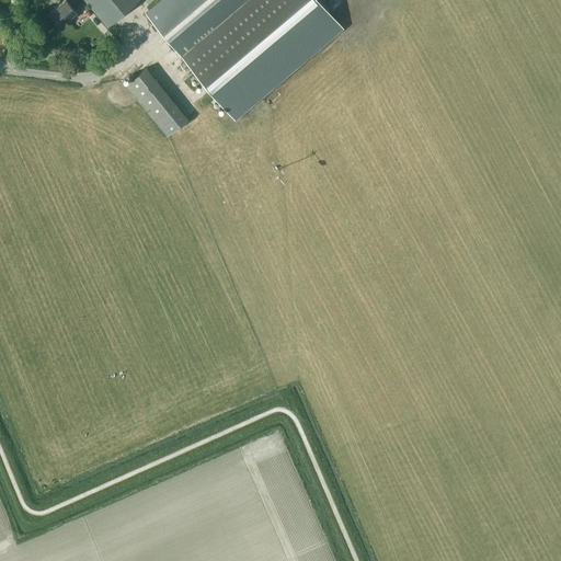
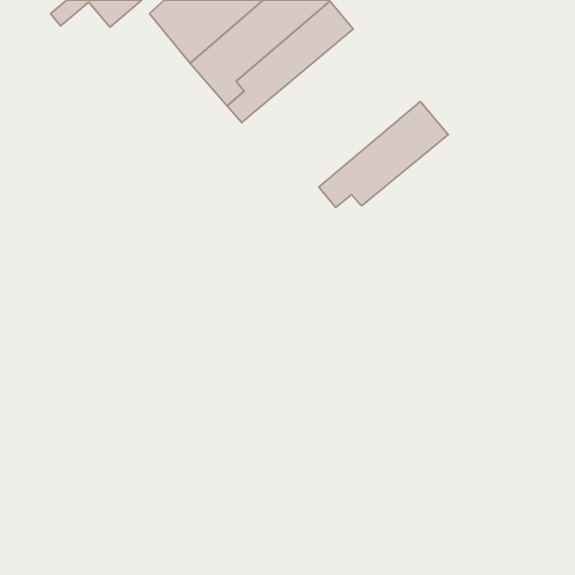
building: [125,67,188,136] -> none
building: none -> [319,102,448,207]

